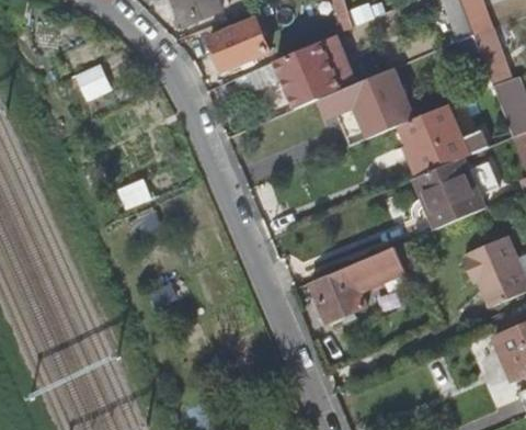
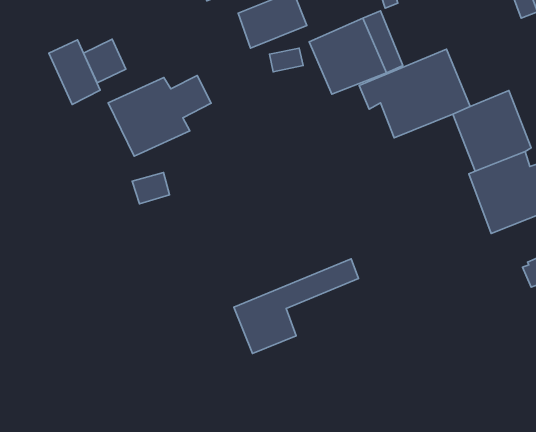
building: none -> [49,40,100,104]
building: none -> [108,76,211,156]
building: [308,240,418,324] -> [234,259,359,353]

